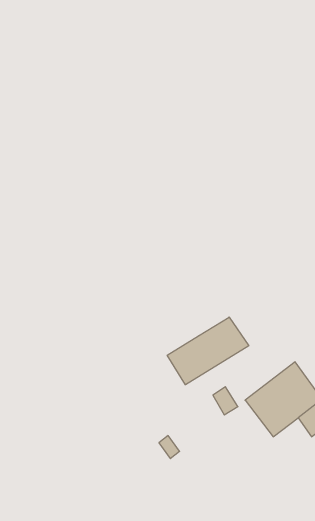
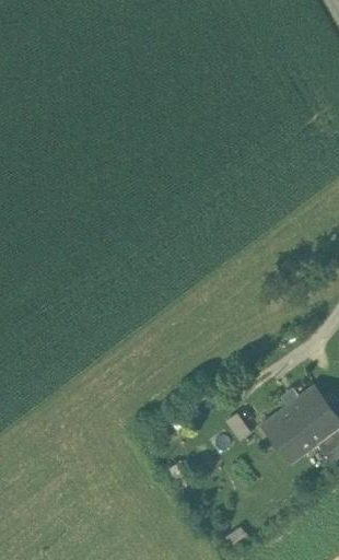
building: [167,317,249,385] -> none

